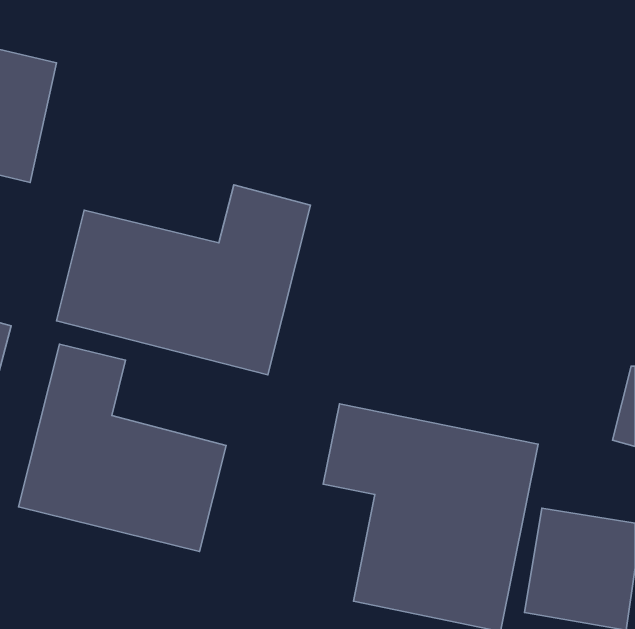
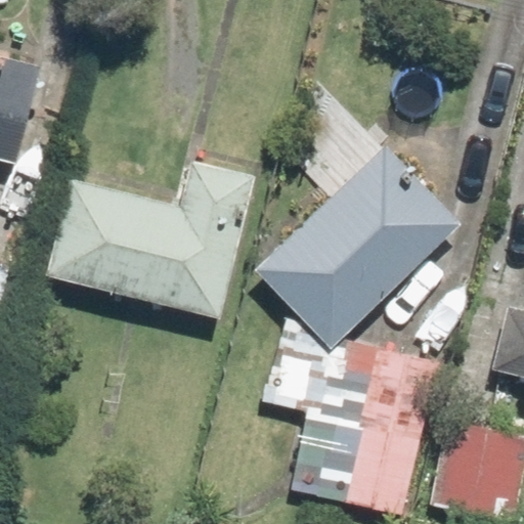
building: none -> [254,147,460,348]
building: [19,344,226,551] -> none

